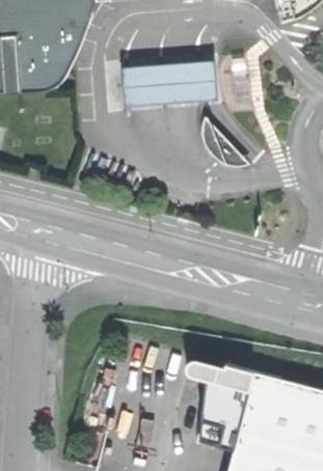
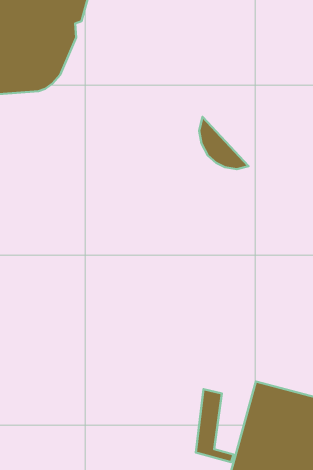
building: [125,58,222,107] -> none
building: [186,359,258,443] -> none

